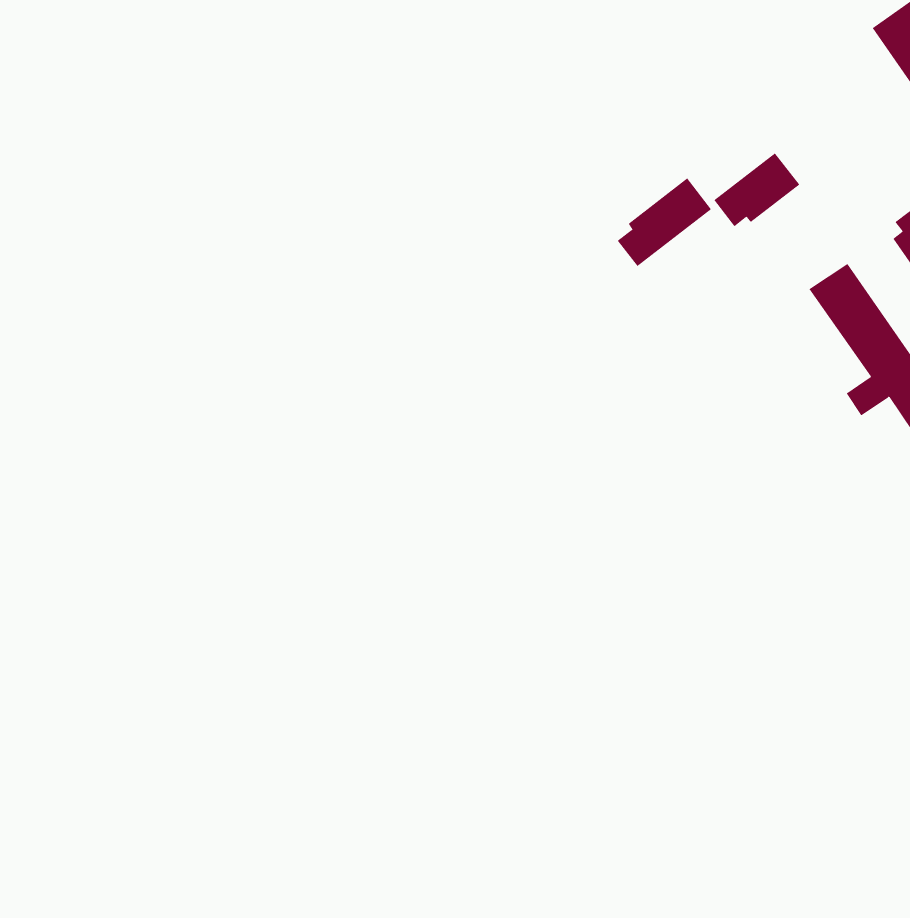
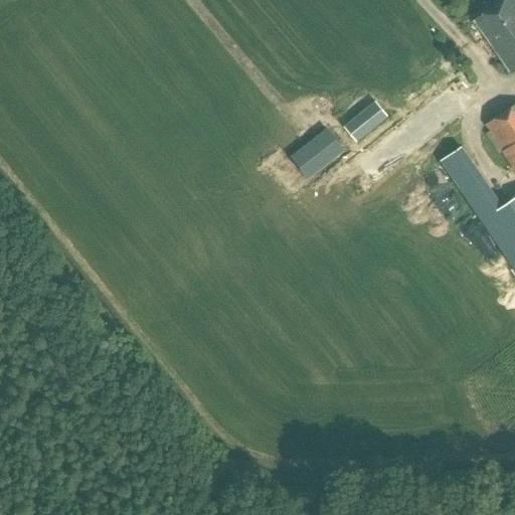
building: [714,152,800,227] -> none
building: none -> [295,127,348,177]

